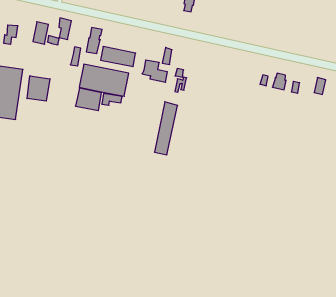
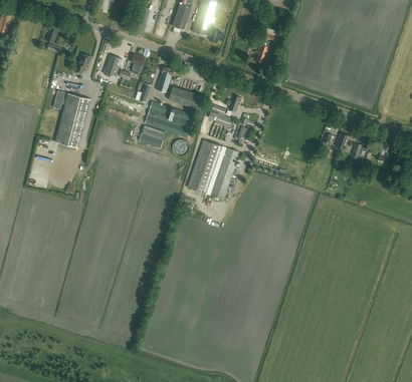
building: [27,76,50,101] -> none
building: none -> [186,139,221,194]

